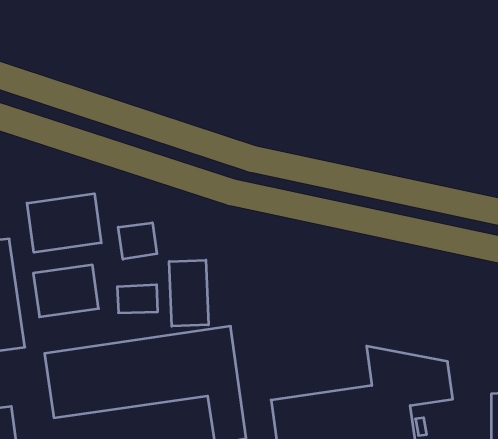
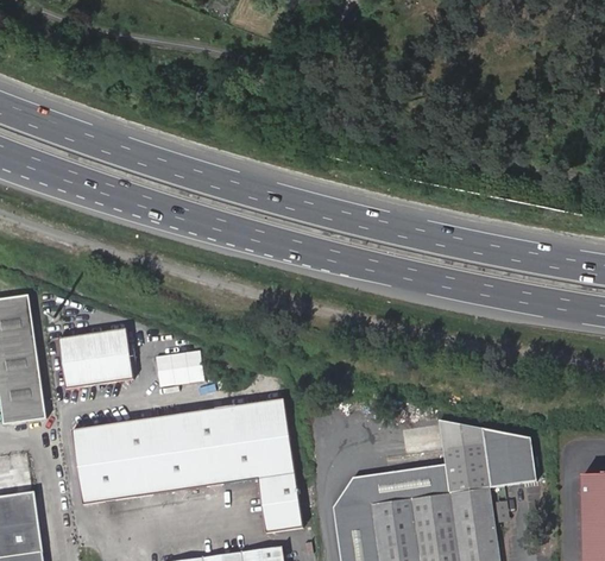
building: [27,194,101,252] -> none
building: [118,223,157,259] -> none
building: [169,260,208,326] -> none

